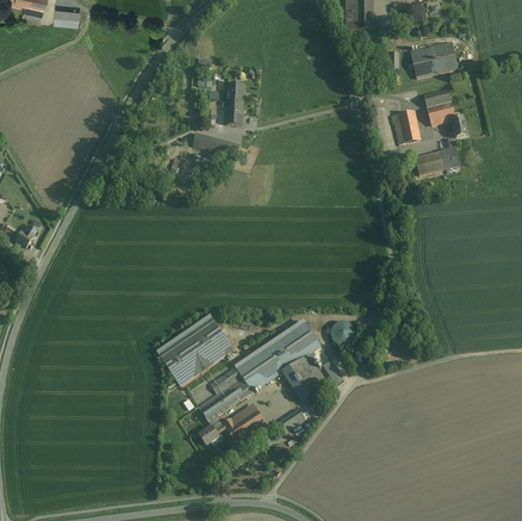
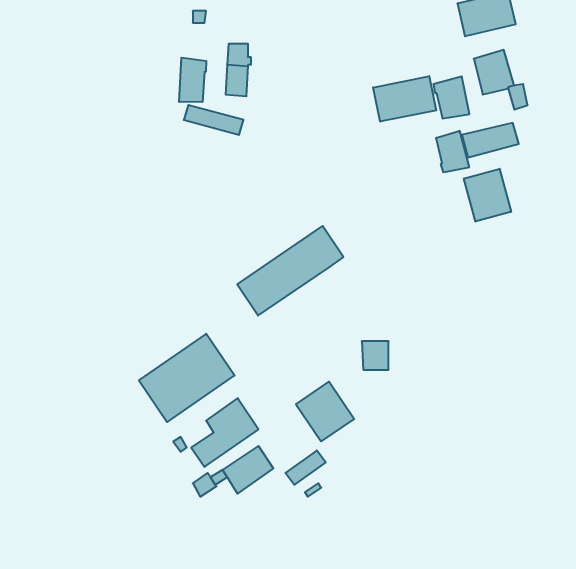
building: none -> [179,58,206,102]
building: none -> [373,76,436,122]
building: none -> [436,131,469,172]
building: none -> [464,169,511,222]
building: [235,320,319,391] -> [237,226,343,316]

